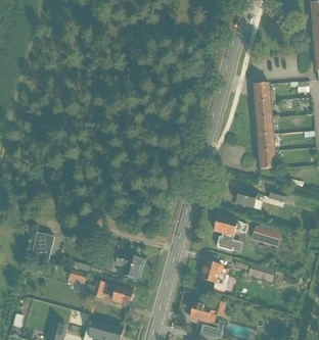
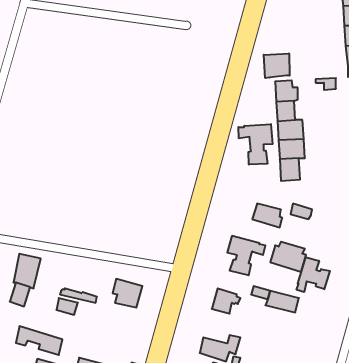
building: none -> [264,53,290,78]
building: none -> [238,124,273,165]
building: none -> [297,257,330,292]
building: [92,281,132,305] -> [16,326,62,355]

